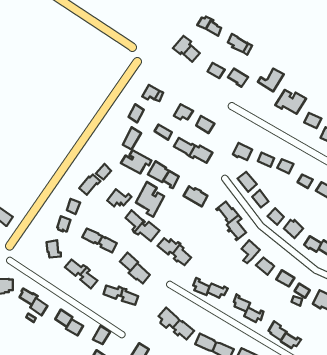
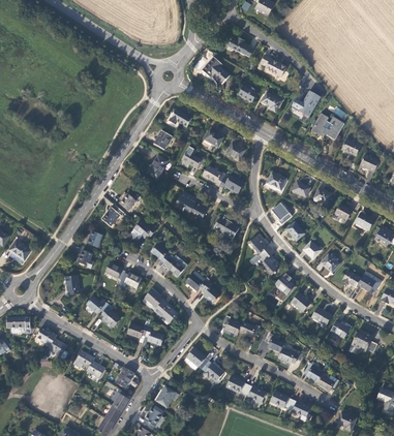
building: [121,150,152,174] -> none
building: [136,182,164,217] -> none

